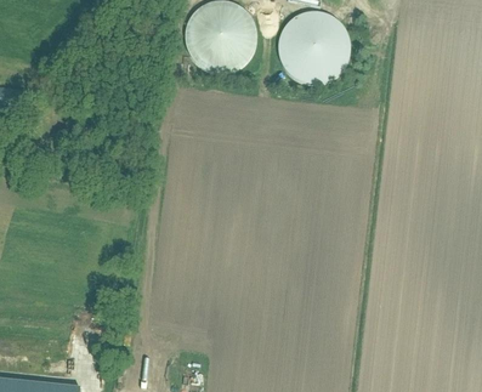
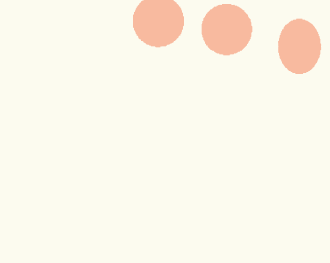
building: none -> [278,18,322,75]

